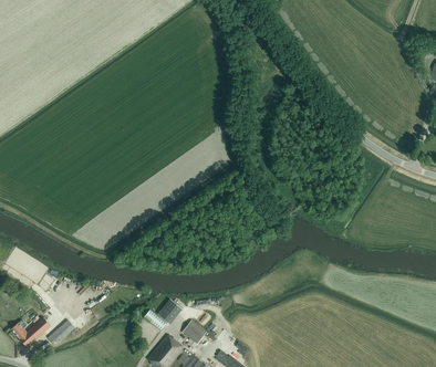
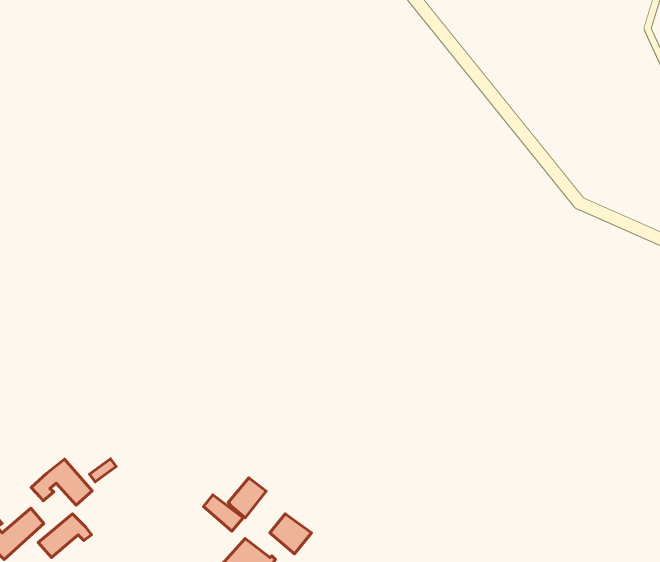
building: none -> [31,459,92,505]

